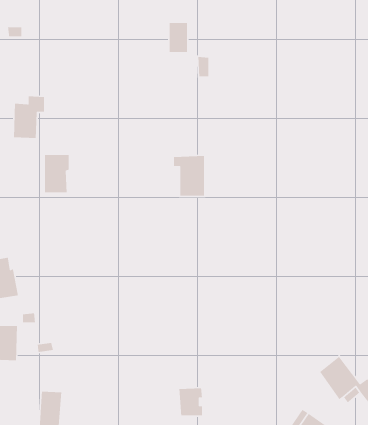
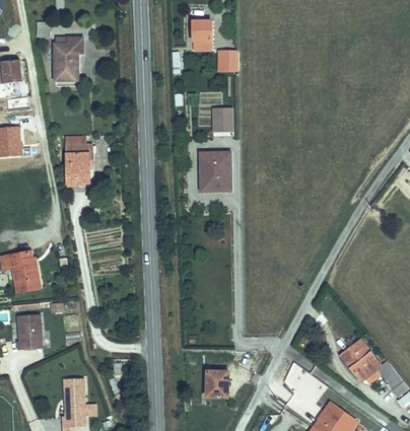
building: [13,95,45,139] -> [57,40,87,81]
building: none -> [210,105,229,129]

